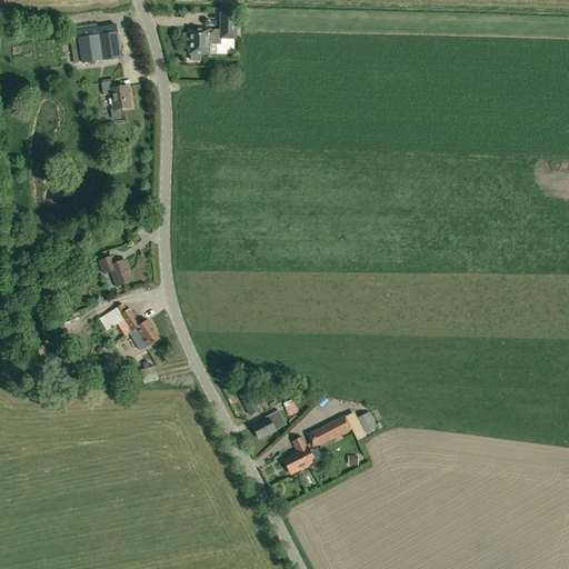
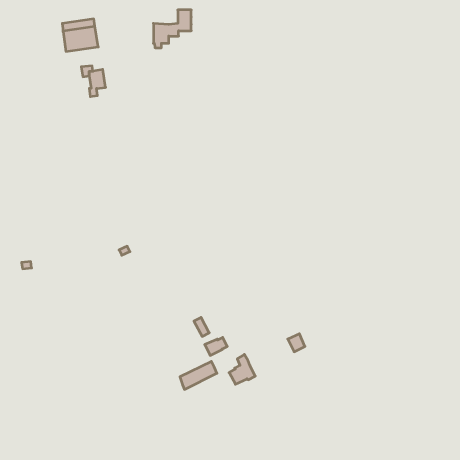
building: [99,256,132,287] -> none
building: [99,303,159,346] -> none
building: [306,415,351,449] -> [180,361,217,389]

